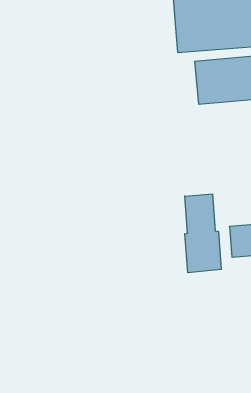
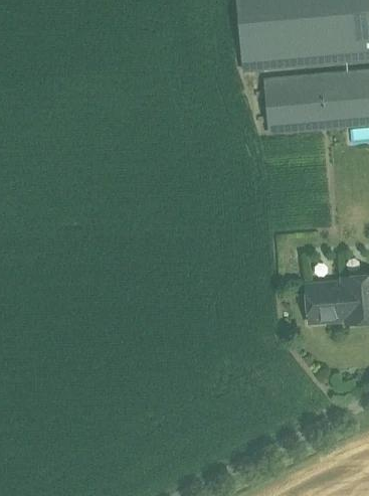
building: [185,194,221,273] -> none

